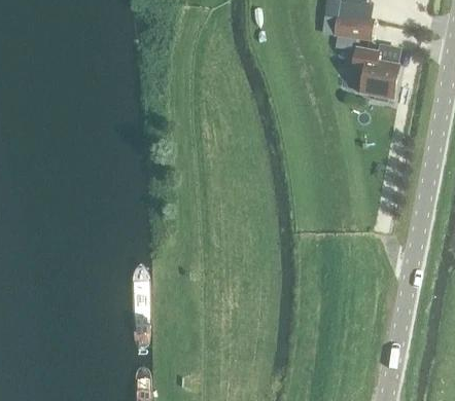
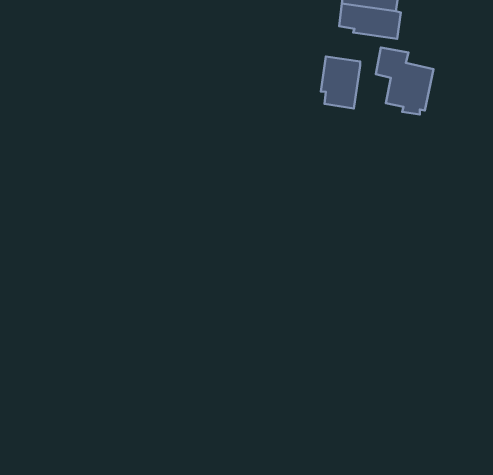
building: none -> [321,57,360,109]

